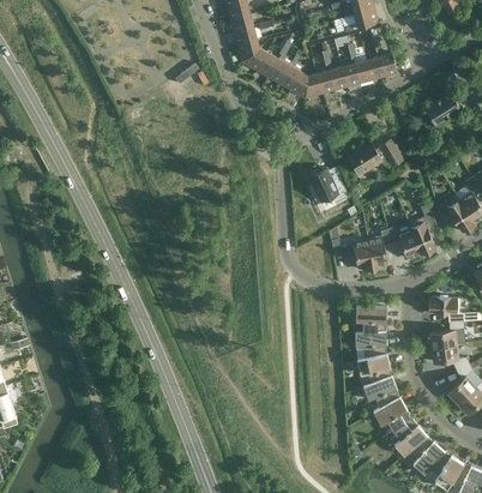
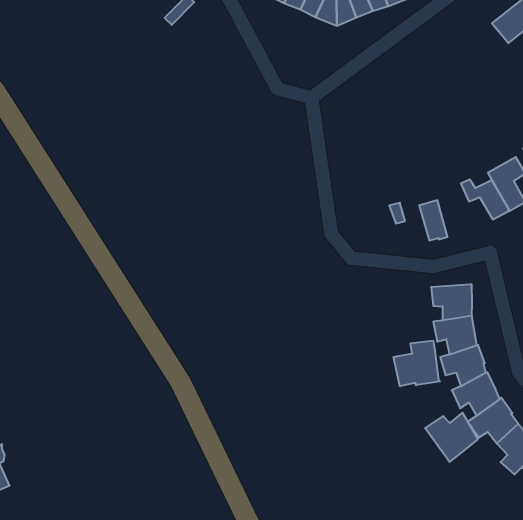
building: [348,139,402,175] -> none
building: [308,168,348,202] -> none
building: [367,229,391,269] -> none
building: none -> [394,341,440,386]
building: none -> [425,413,478,462]

